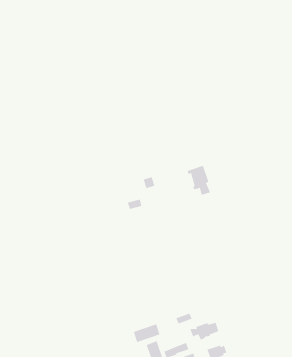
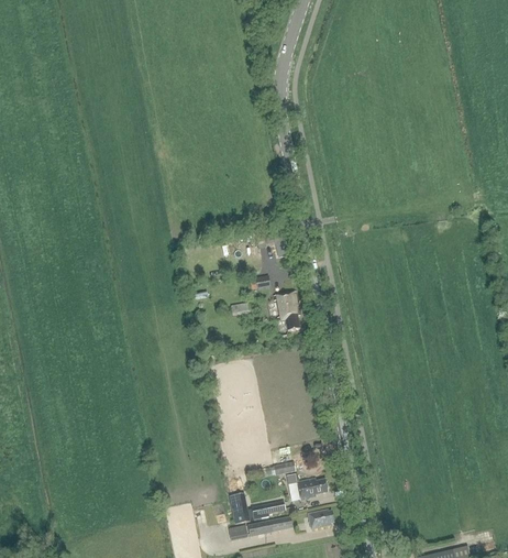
building: [187,165,211,196] -> [273,292,300,331]
building: [133,323,160,343] -> none

